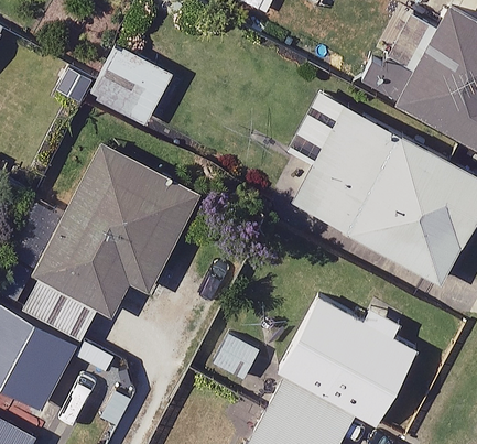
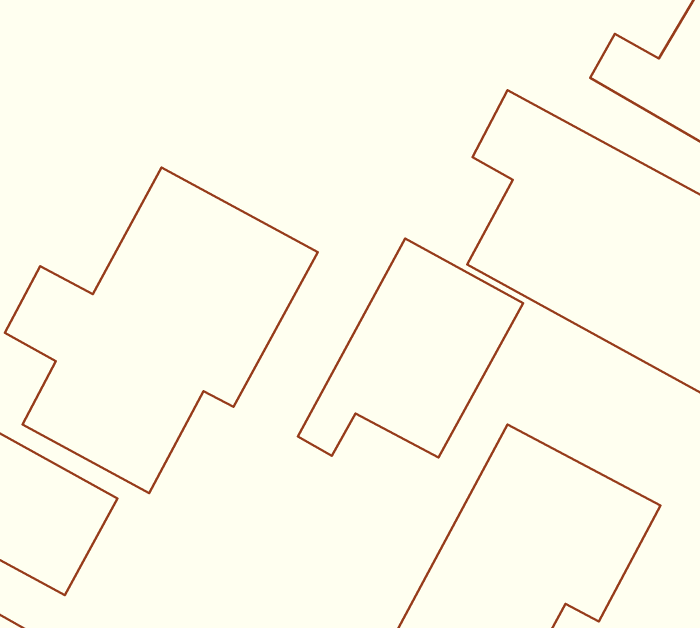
building: [89,44,174,126] -> none
building: none -> [298,239,523,457]

